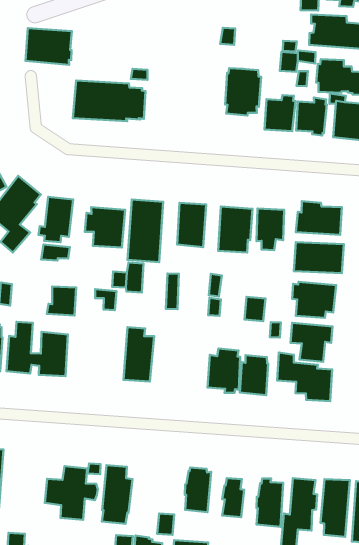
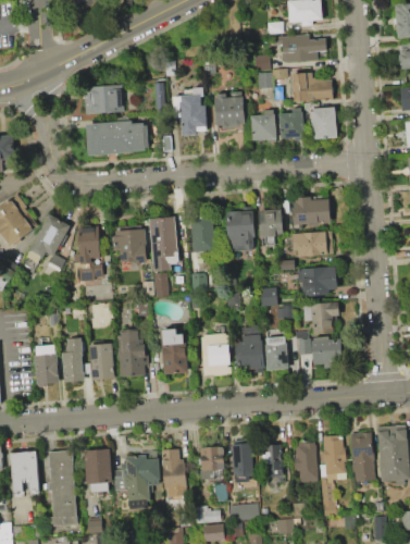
building: [25,28,72,65] -> [85,85,126,116]
building: none -> [173,87,208,131]
building: none -> [117,329,149,375]
building: none -> [201,332,231,376]
building: none -> [85,449,112,483]
building: none -> [199,446,224,480]

